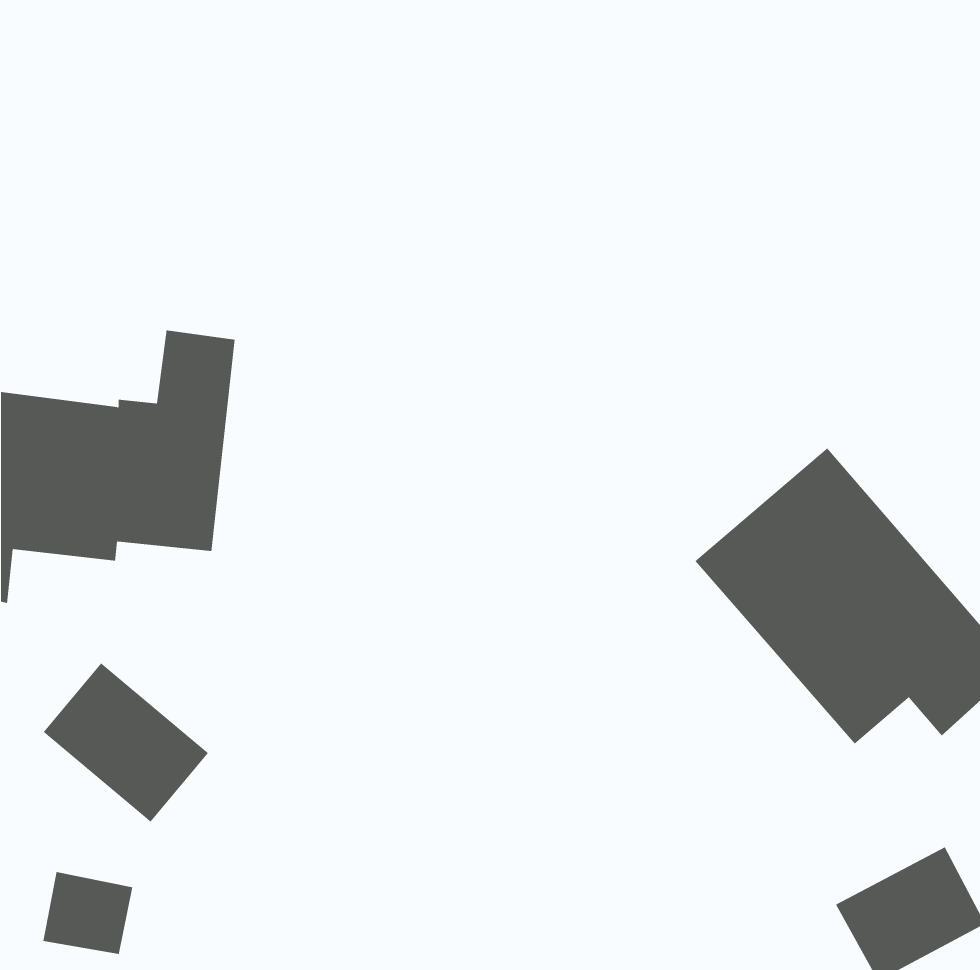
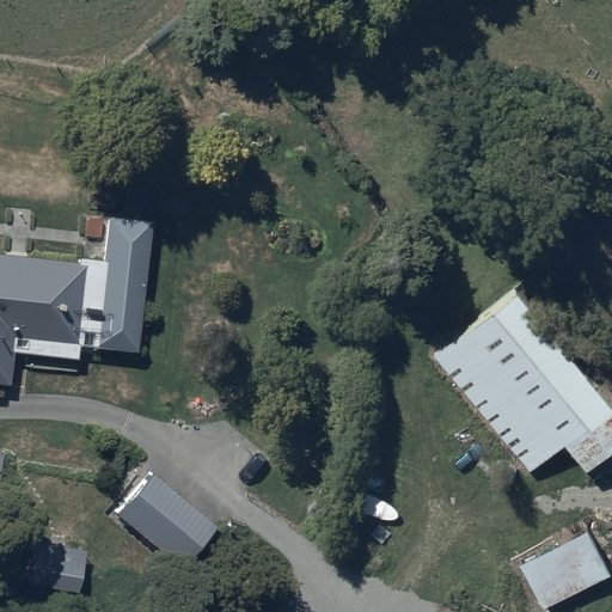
building: [43,663,209,823] -> [118,478,221,577]

